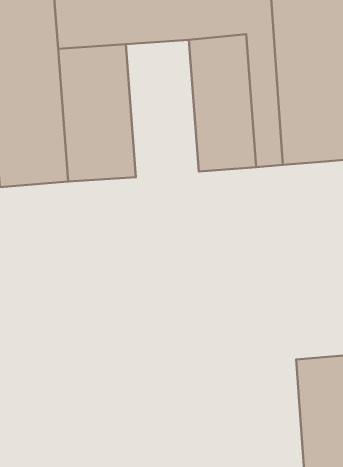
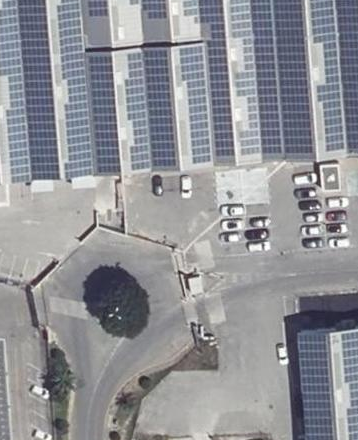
building: none -> [146,42,212,166]

